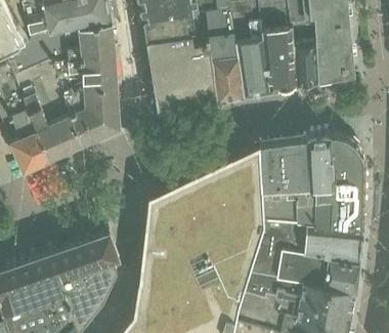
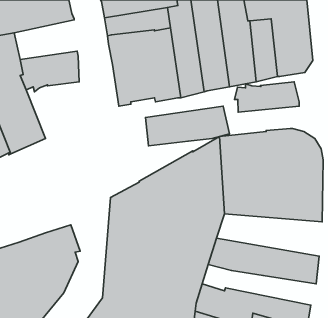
building: [52,28,116,68] -> none
building: [64,90,120,148] -> none
building: none -> [234,82,299,112]
building: none -> [146,106,230,146]
building: [256,223,362,266] -> none
building: [242,275,356,316] -> none

